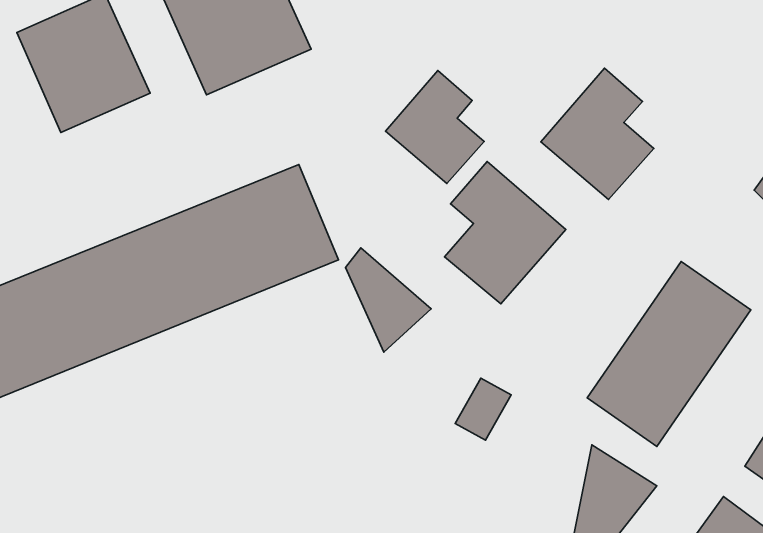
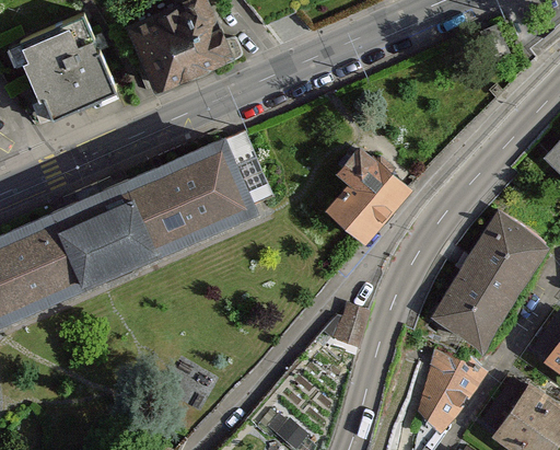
building: [541,68,654,199] -> none
building: [385,71,484,183] -> none
building: [345,248,431,352] -> none

